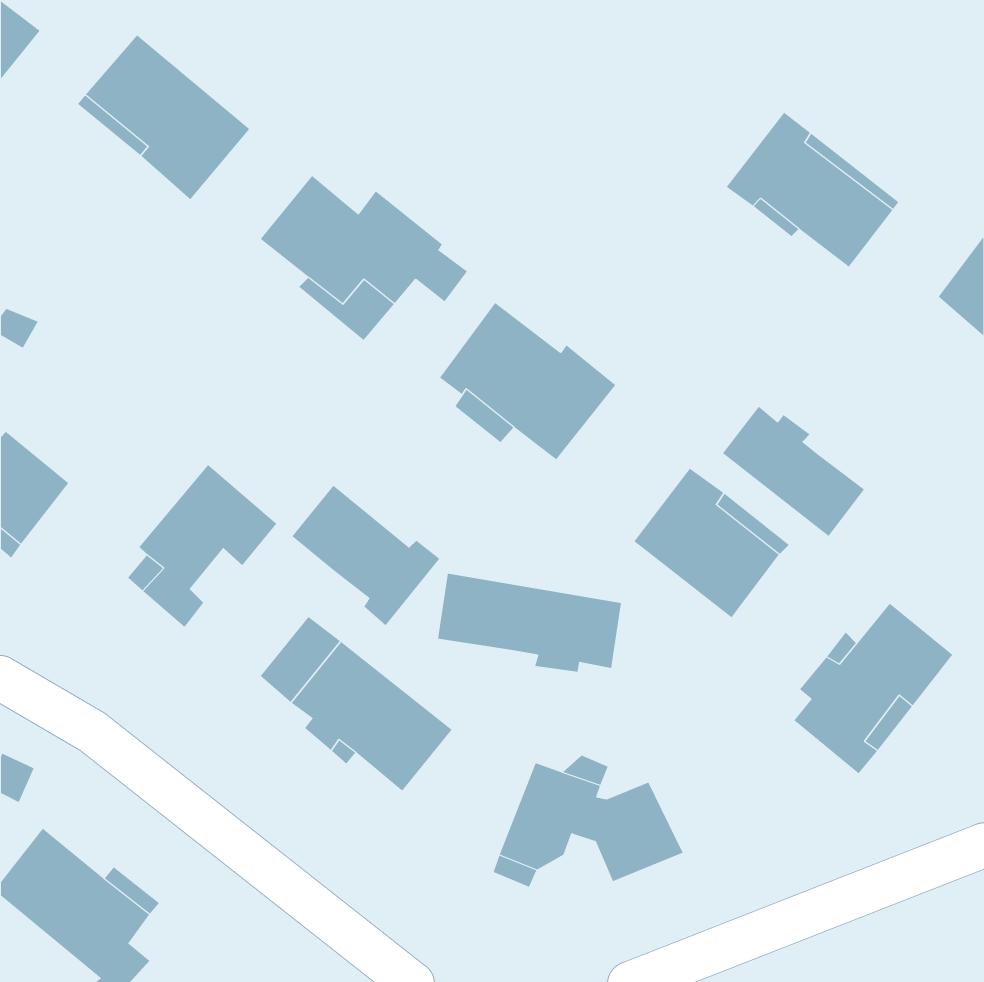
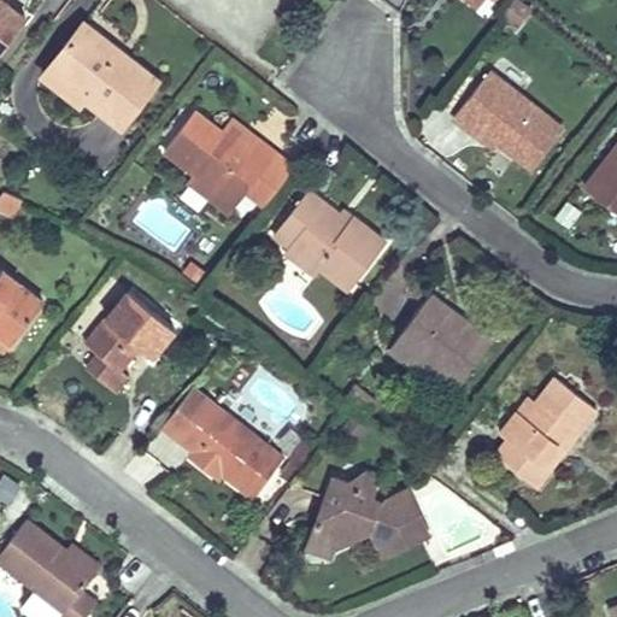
building: [722,406,865,537] -> none
building: [291,485,440,626] -> none
building: [437,573,621,673] -> none

